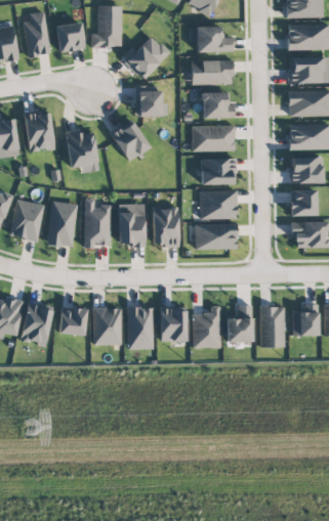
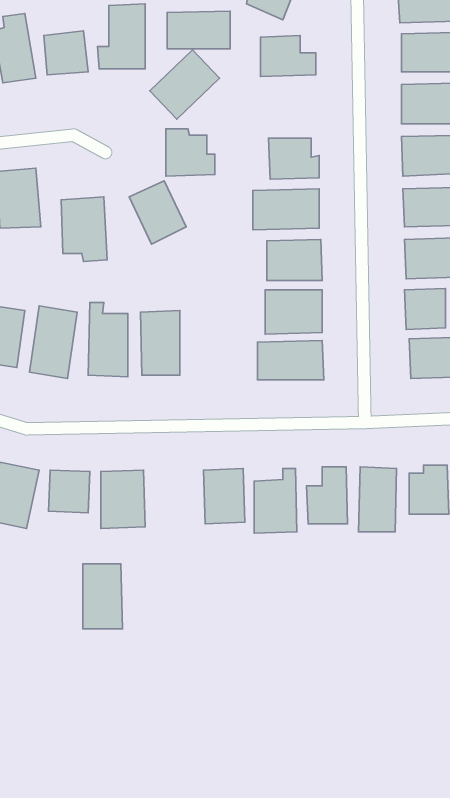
building: [192,59,233,84] -> [167,11,230,49]
building: [153,207,178,246] -> none
building: [128,307,154,349] -> [83,564,122,629]

